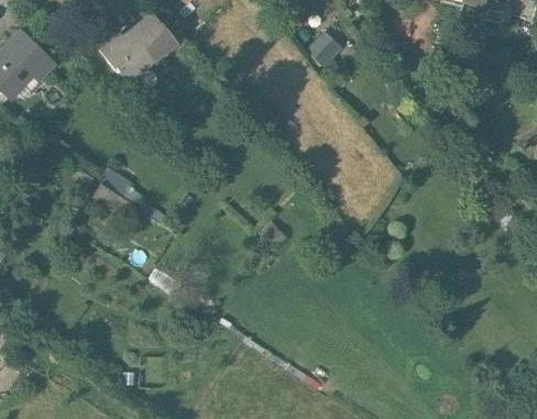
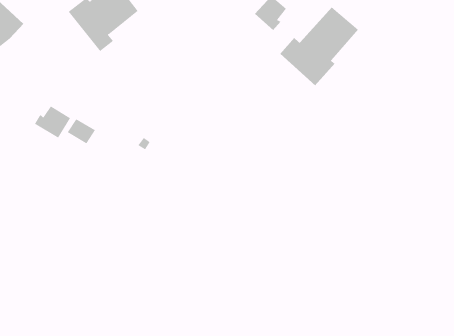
building: none -> [279,6,359,86]
building: none -> [34,106,71,138]

